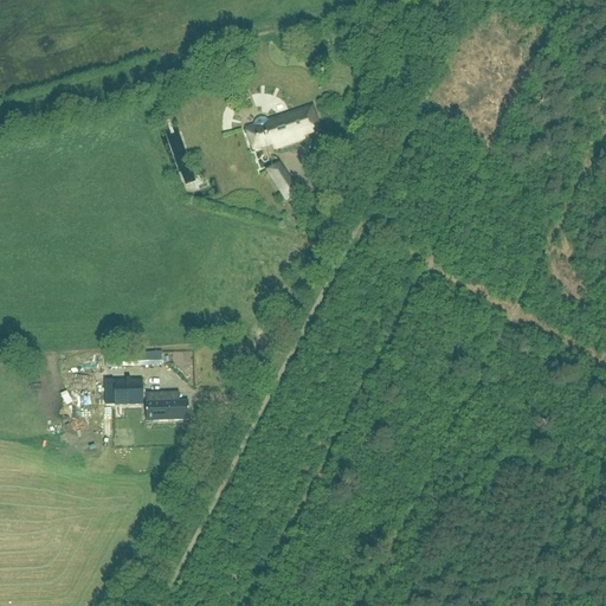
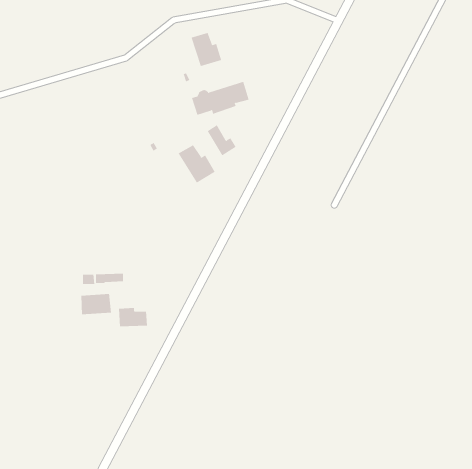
building: none -> [191,32,222,67]
building: none -> [178,144,216,184]

